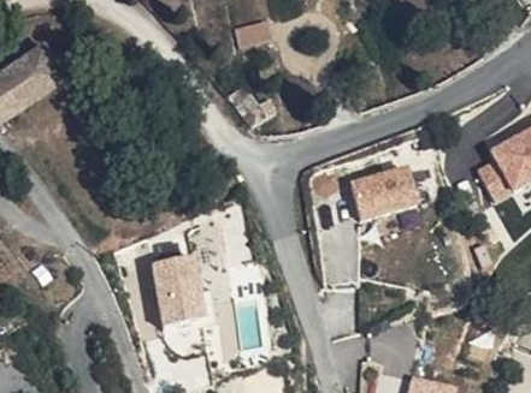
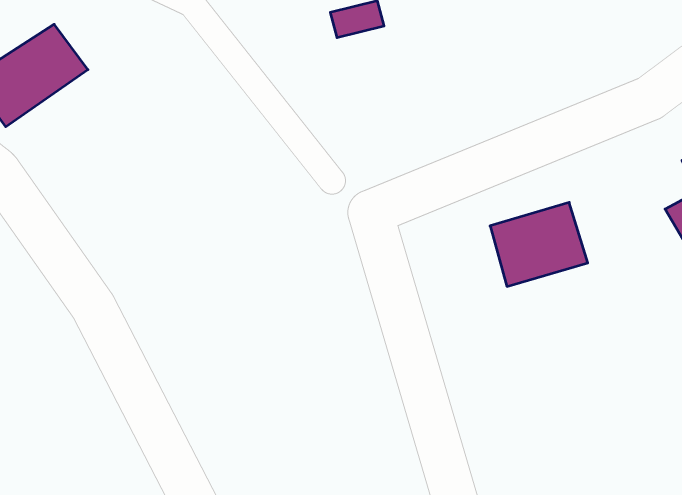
building: [154,261,206,331] -> none

